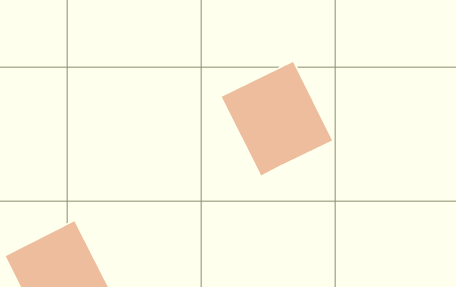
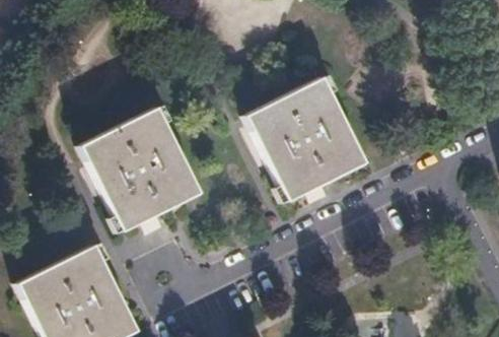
building: none -> [83,108,200,229]

